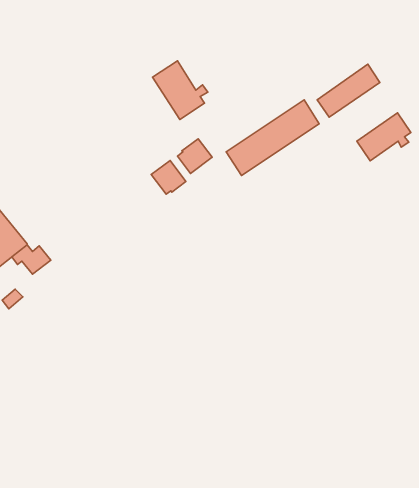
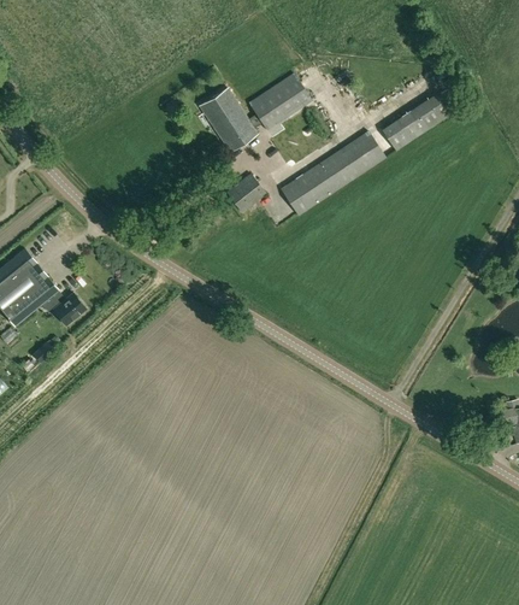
building: none -> [247,74,311,130]
building: [357,113,411,161] -> none
building: [151,160,186,194] -> none

